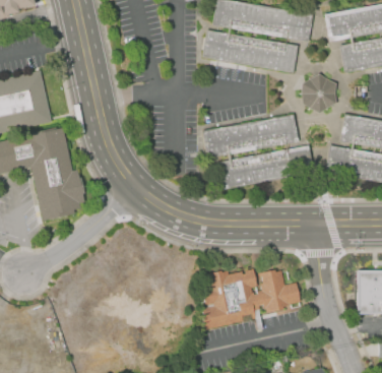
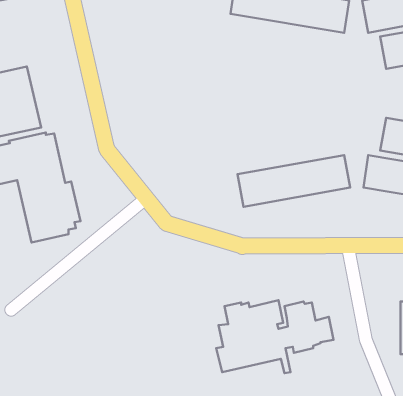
building: [201,29,298,73] -> none
building: [302,74,336,113] -> none
building: [202,114,299,159] -> none

